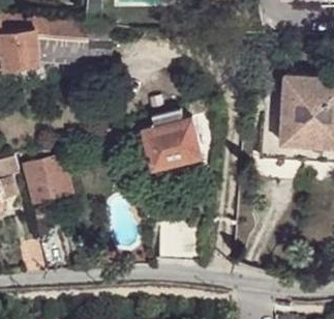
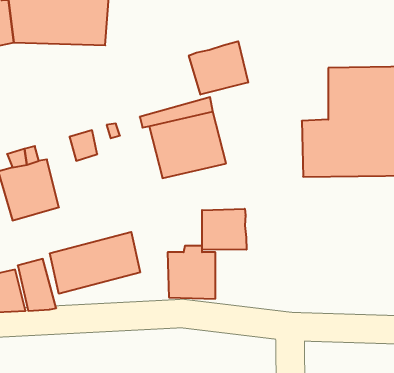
building: none -> [189,41,248,95]
building: none -> [202,209,246,250]
building: none -> [50,232,140,294]

